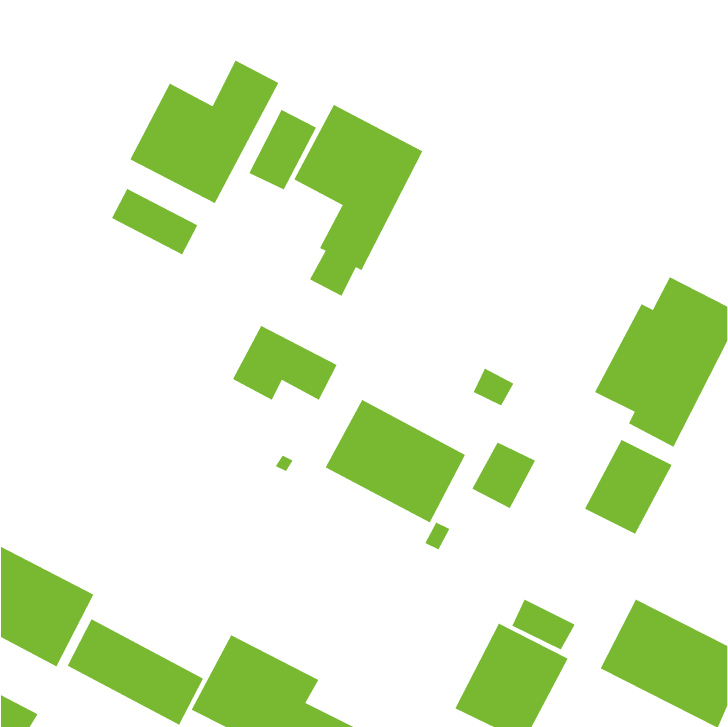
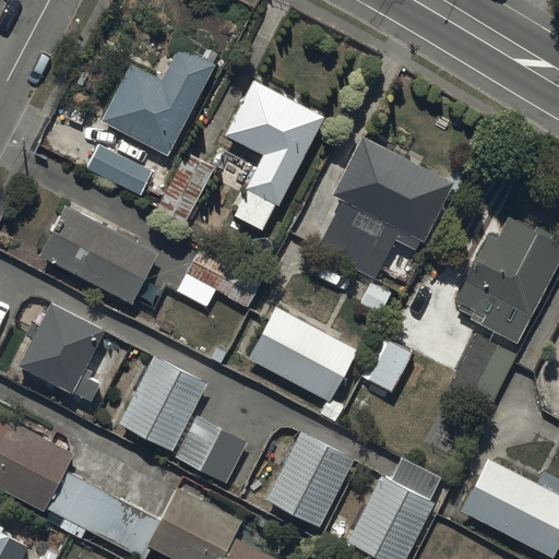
building: [248,109,317,190] -> [160,153,213,215]
building: none -> [319,136,454,276]
building: none -> [38,204,160,304]
building: none -> [17,302,107,405]
building: none -> [120,358,207,451]
building: none -> [179,417,248,483]
building: none -> [265,435,354,528]

